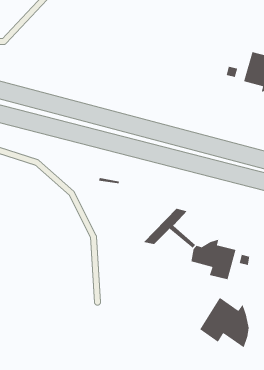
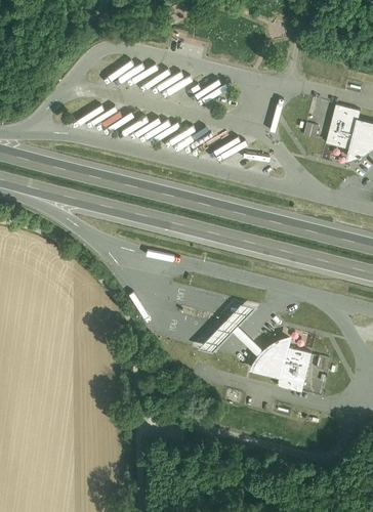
building: [199,297,250,348] -> none

